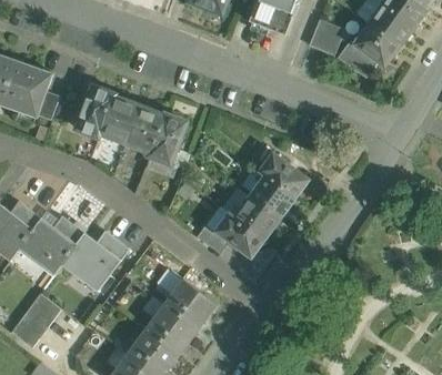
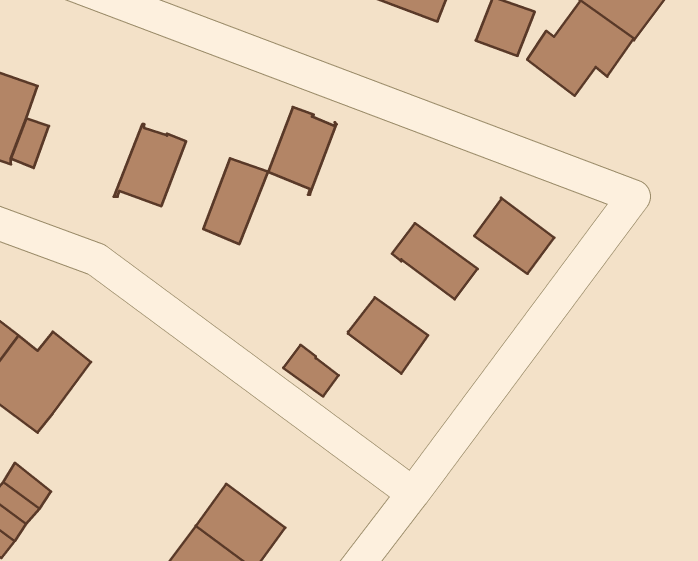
building: [77,87,113,136] -> none
building: [124,104,164,155] -> [268,107,337,195]
building: [249,173,295,217] -> [474,198,554,274]
building: [214,212,264,257] -> none
building: [61,230,128,290] -> none
building: [162,278,215,330] -> none

